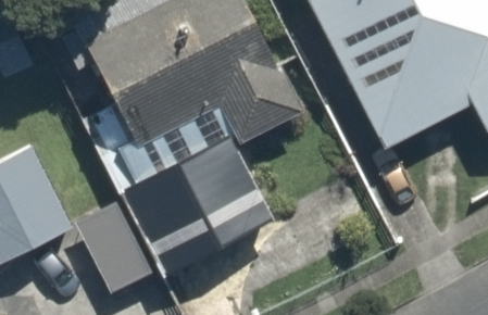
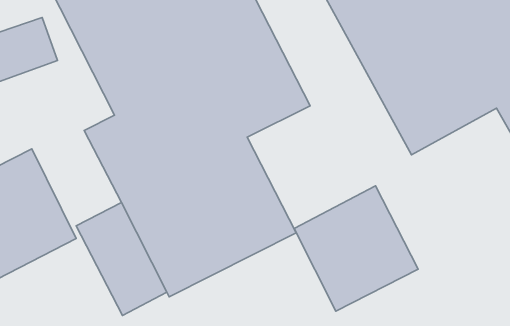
building: none -> [294,186,418,311]

